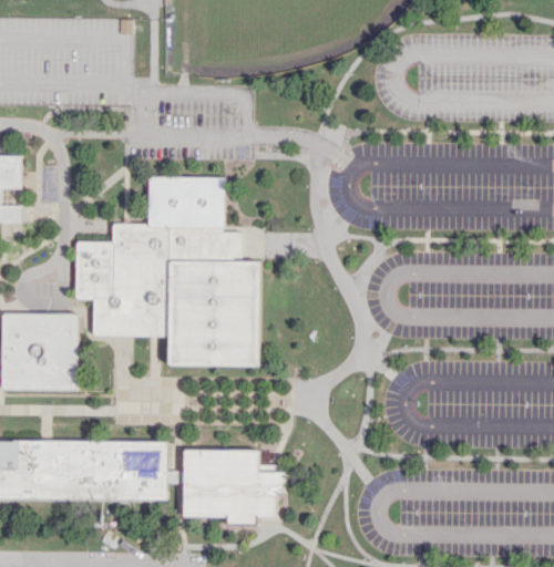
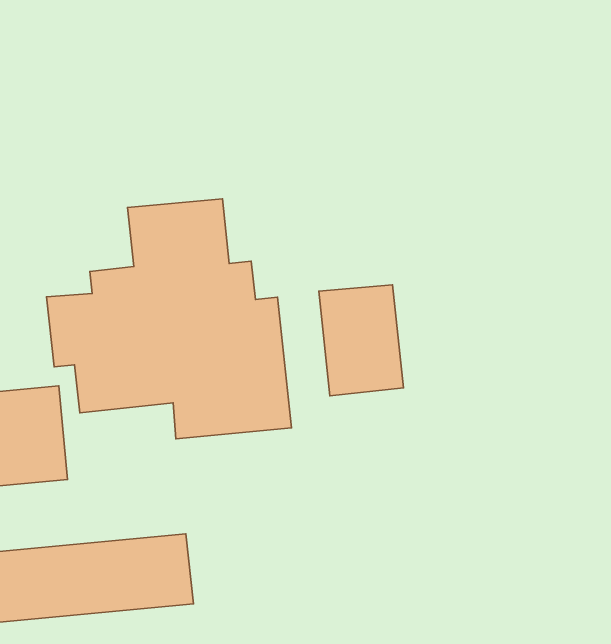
building: none -> [319,285,404,396]
building: [183,450,285,524] -> none

